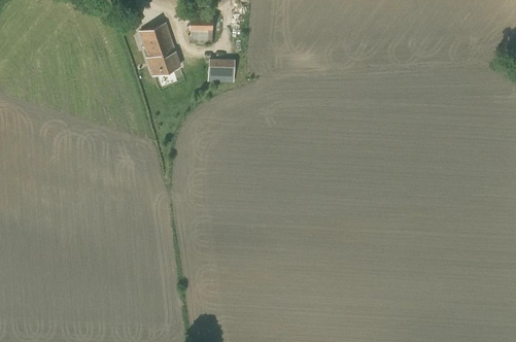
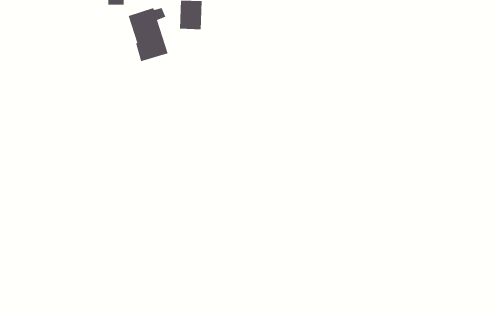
building: [207,59,235,82] -> none

